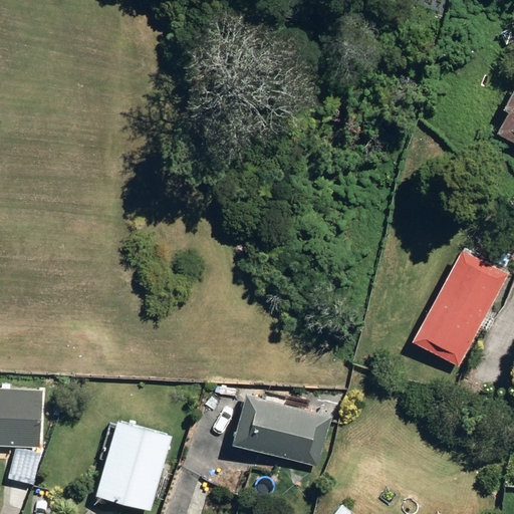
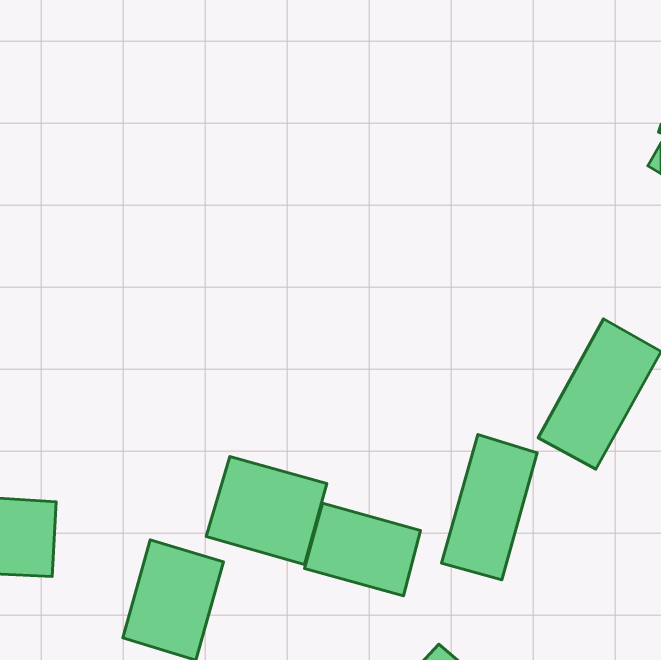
building: none -> [441,435,537,580]
building: none -> [206,456,327,564]

